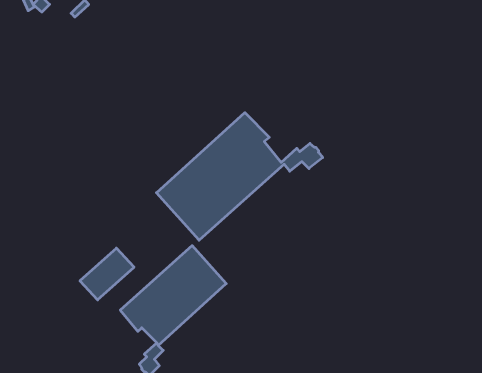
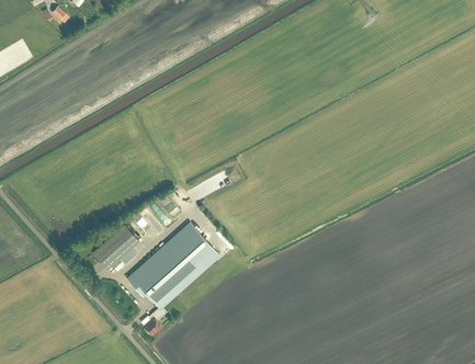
building: [156,113,323,240] -> none

